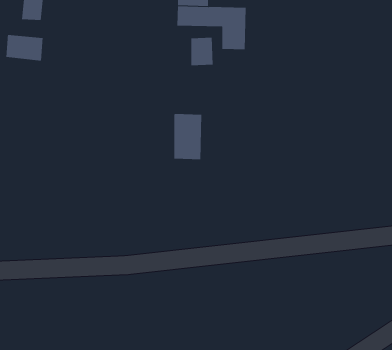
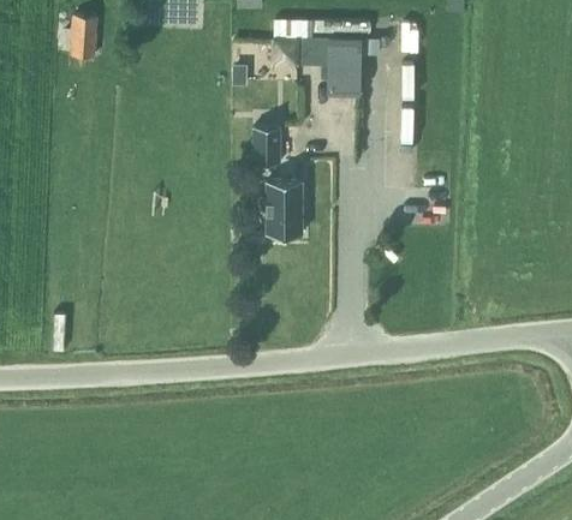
building: [6,34,43,61] -> none
building: [190,37,214,66] -> [251,127,281,165]

